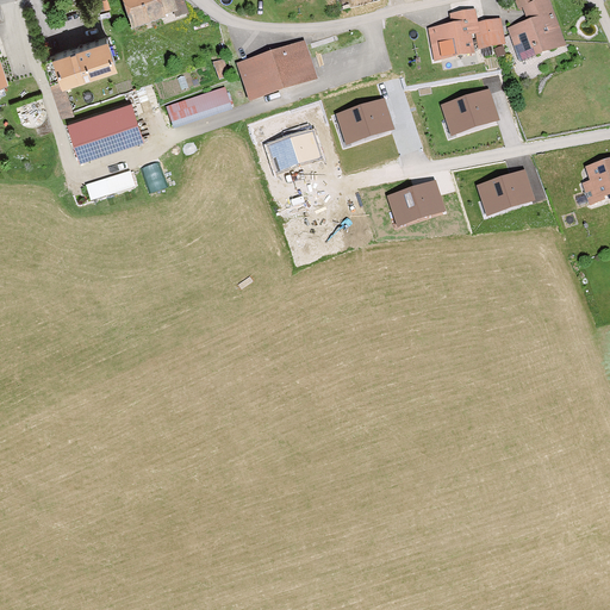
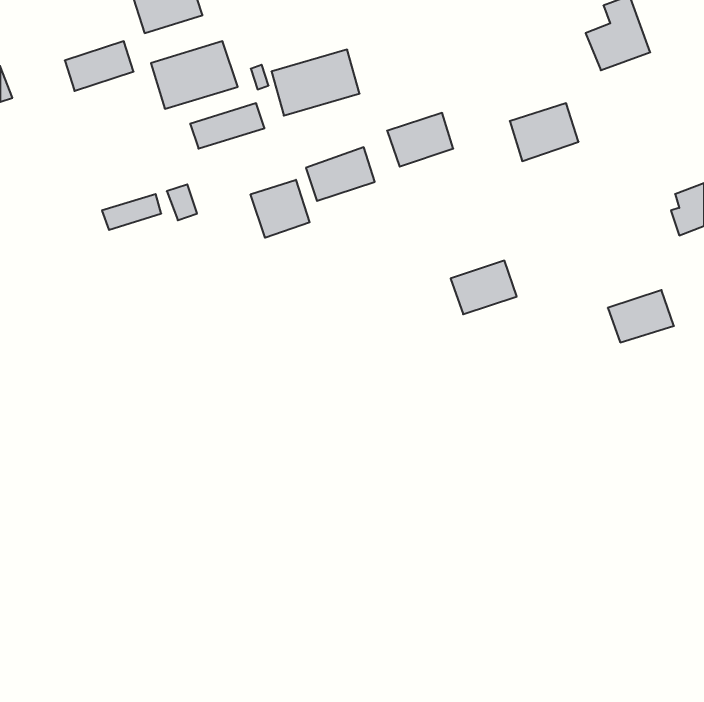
building: [427,10,500,60] -> none
building: [66,100,141,158] -> [151,41,238,109]
building: none -> [251,180,310,238]
building: [478,169,535,214] -> [608,290,674,342]
building: [387,178,444,224] -> [451,261,517,314]

